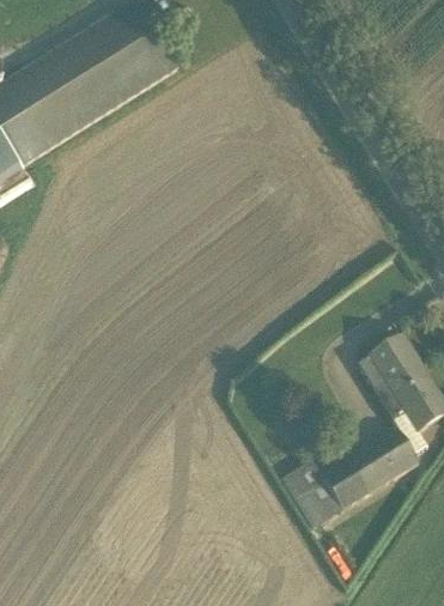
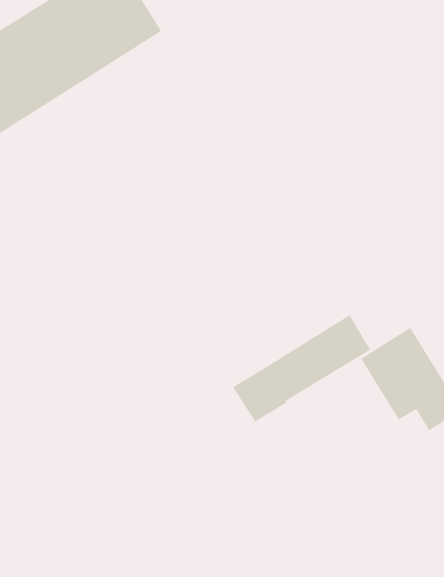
building: [287,432,413,531] -> [232,314,371,422]

